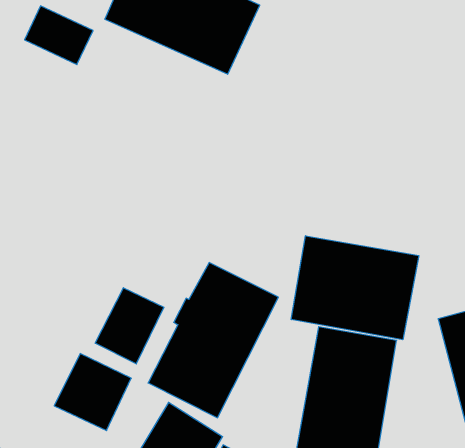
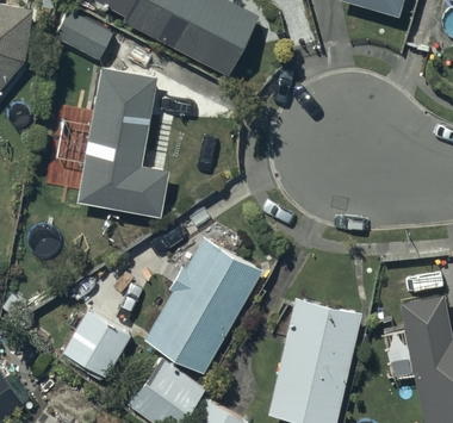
building: none -> [57,67,169,218]
building: [291,236,419,340] -> none
building: [95,288,164,364] -> none

